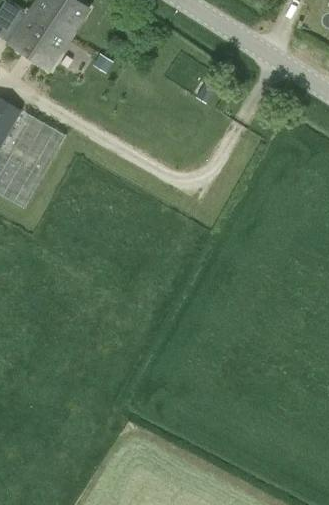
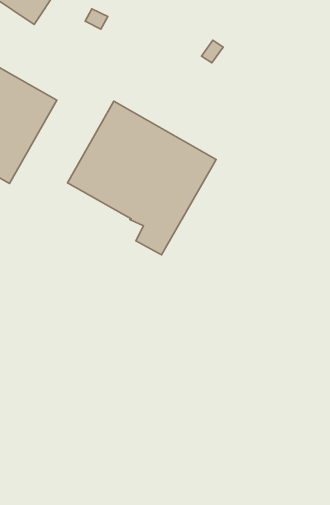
building: none -> [67,101,216,255]

